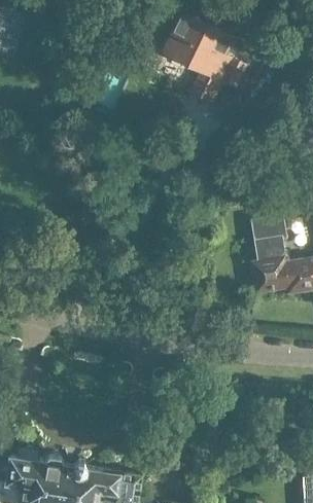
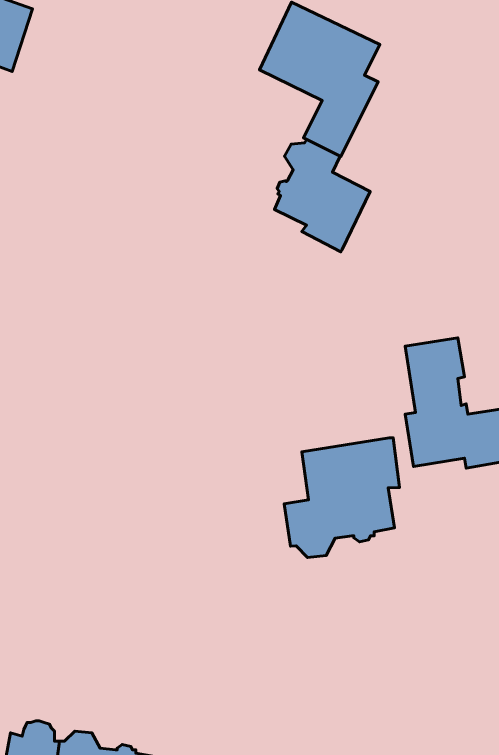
building: none -> [274,140,370,252]
building: none -> [284,438,399,557]

